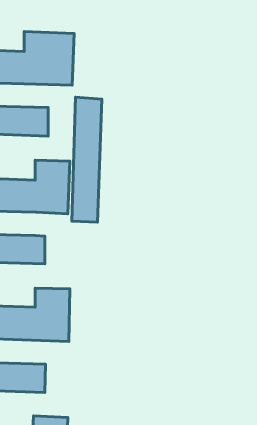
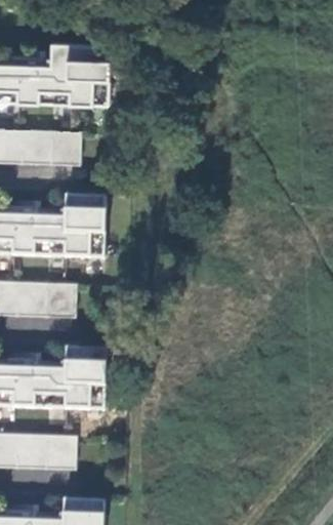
building: [72,97,102,222] -> none

